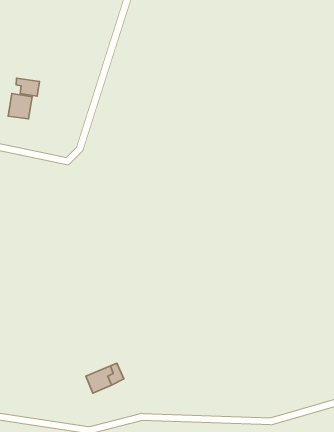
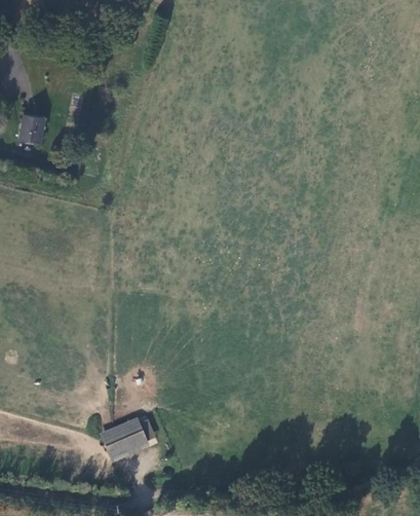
building: [16,78,39,96] -> none

